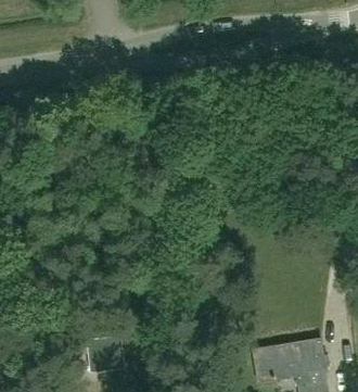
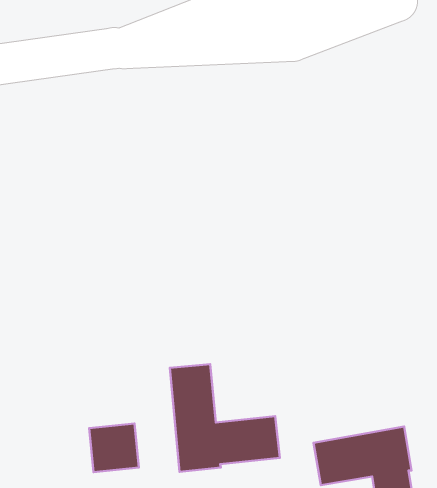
building: none -> [170,364,280,472]

